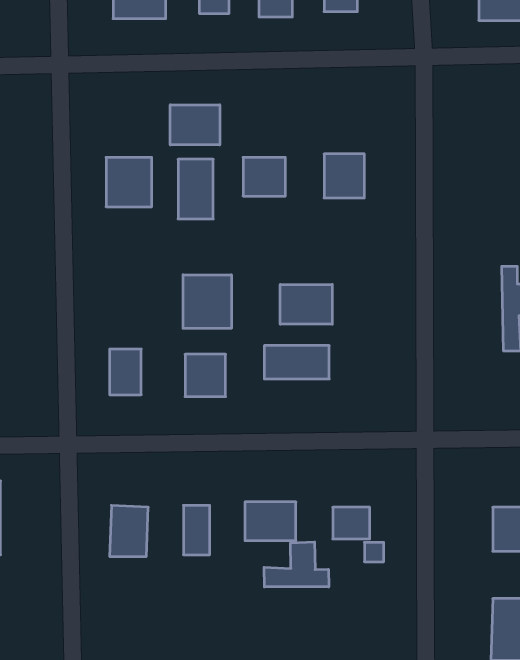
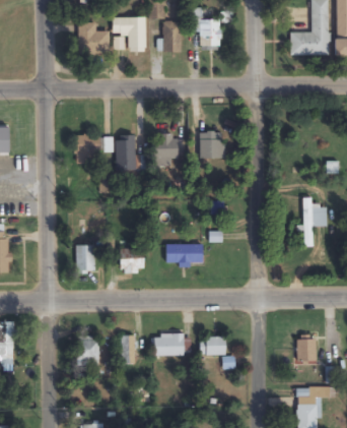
building: [170,105,220,145] -> none
building: [183,275,231,328] -> none
building: [280,284,332,324] -> none
building: [264,542,329,587] -> none

